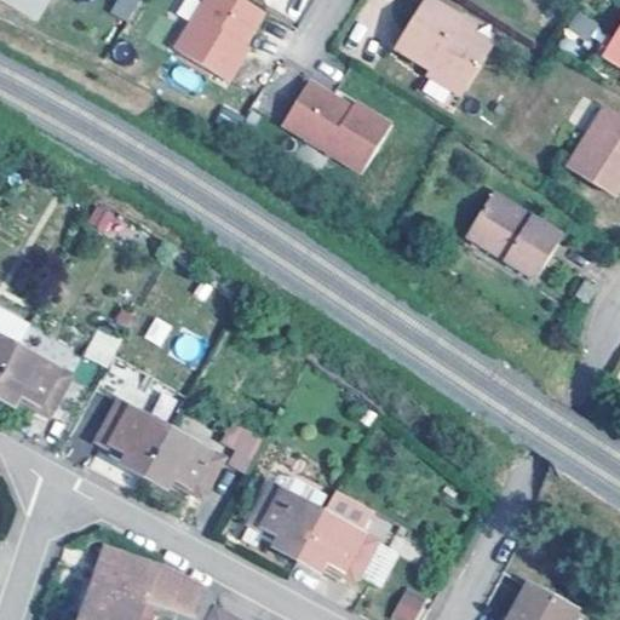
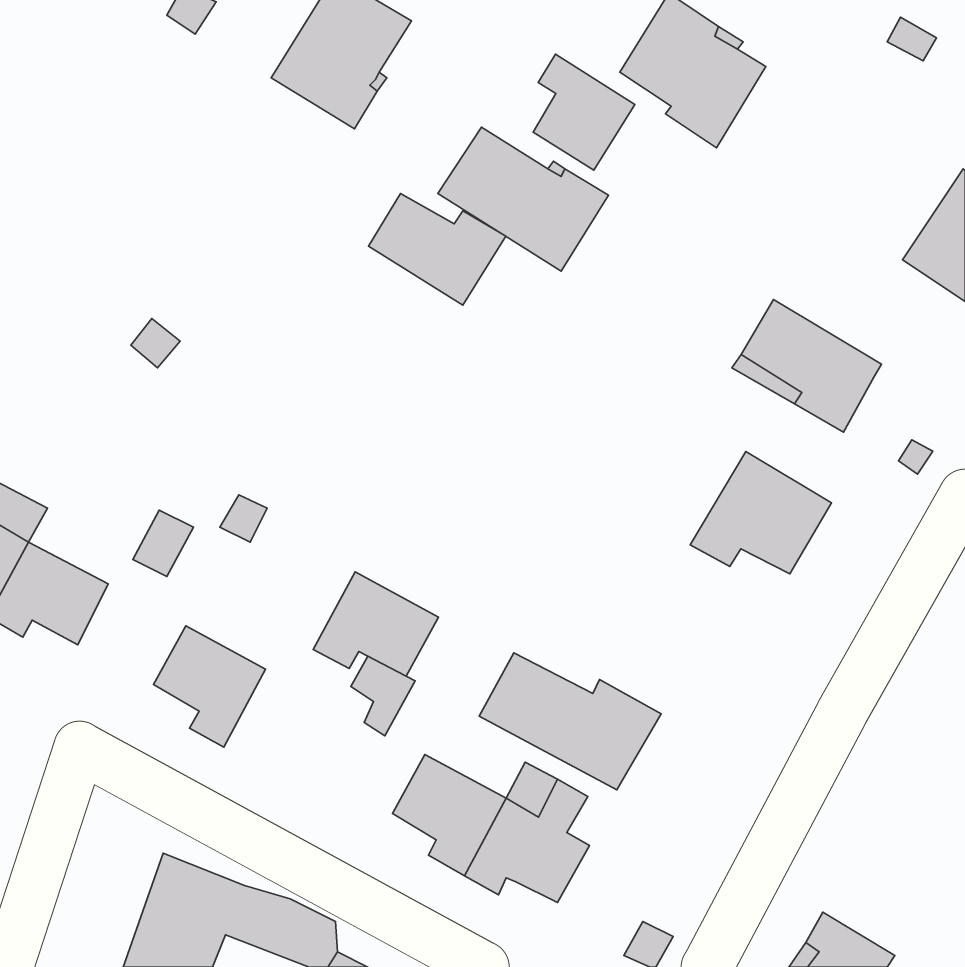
building: none -> [533,54,635,170]
building: none -> [369,193,506,305]
building: none -> [690,452,831,574]
building: none -> [479,653,661,790]
building: [143,427,223,494] -> [313,572,438,676]

